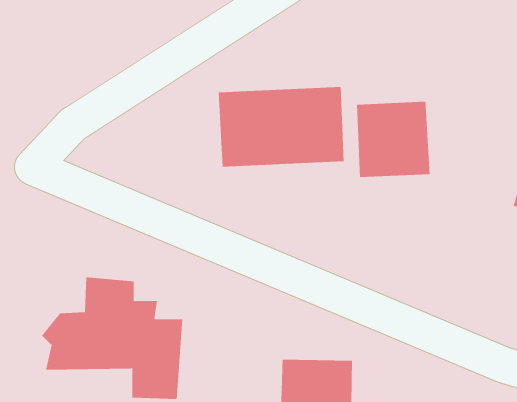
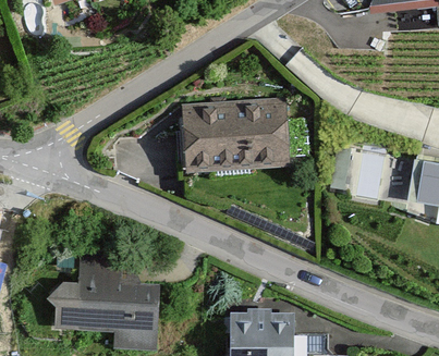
building: [356,101,430,178] -> none

